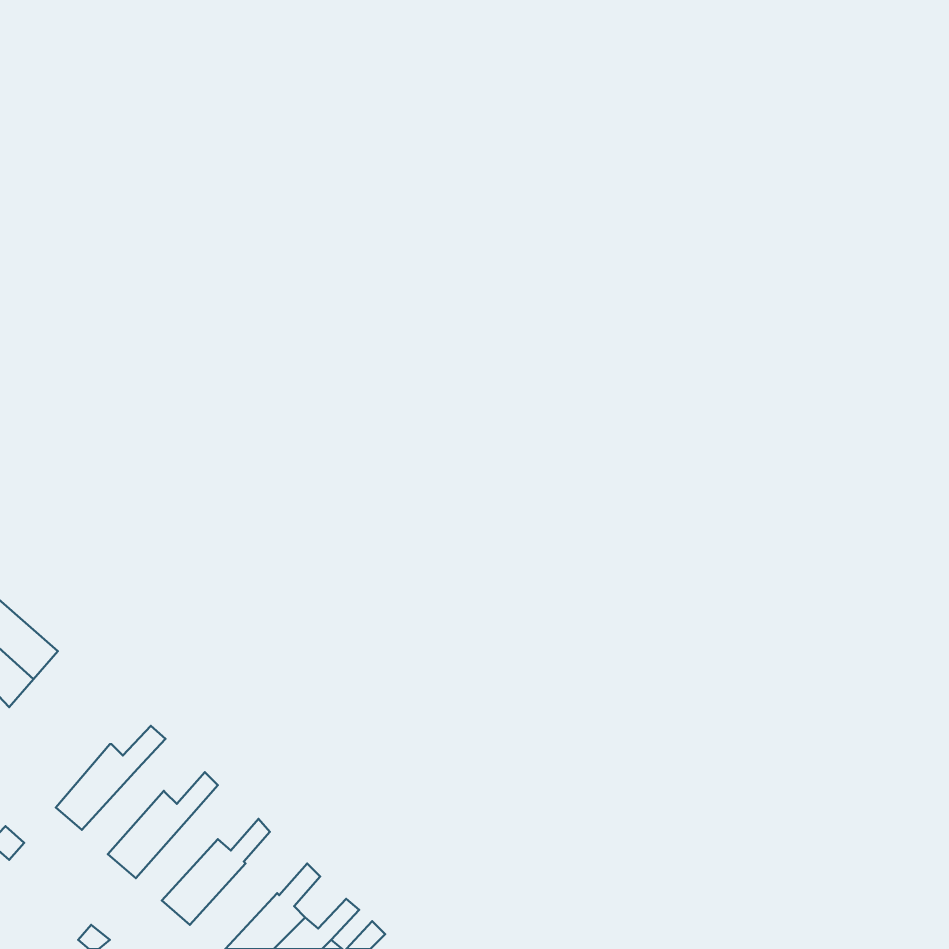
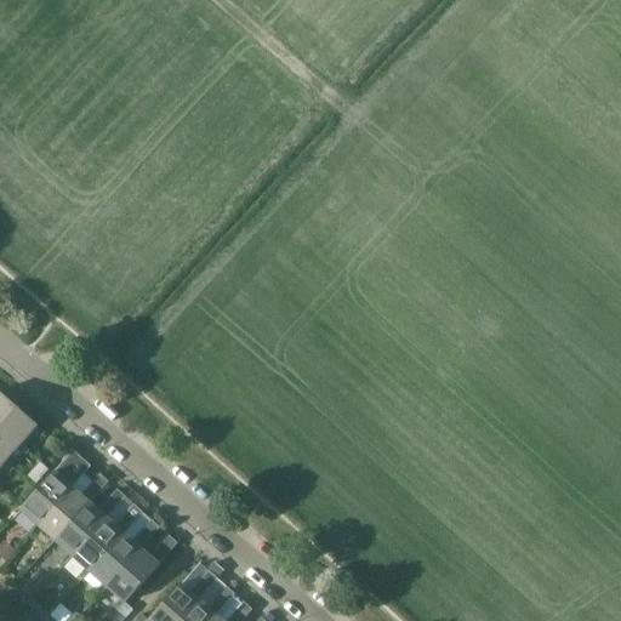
building: none -> [18,457,90,526]
building: none -> [53,488,125,557]
building: none -> [89,519,159,587]

